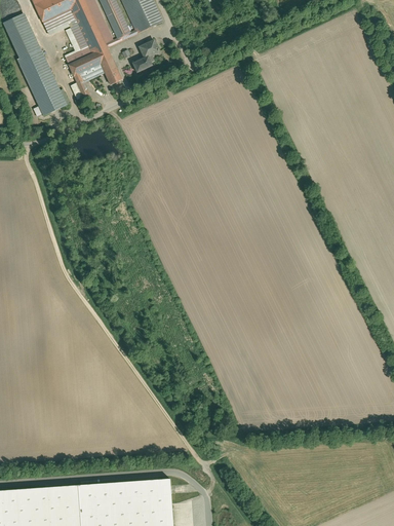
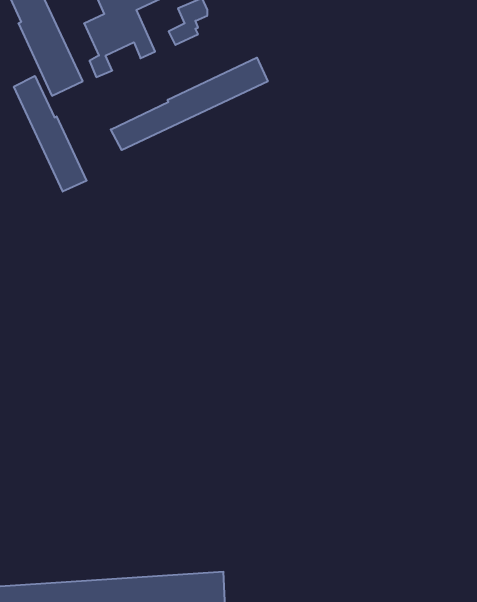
building: none -> [111,58,268,150]
building: none -> [14,76,87,192]

